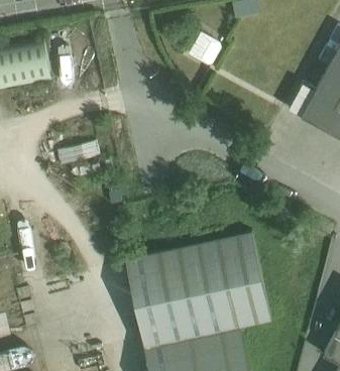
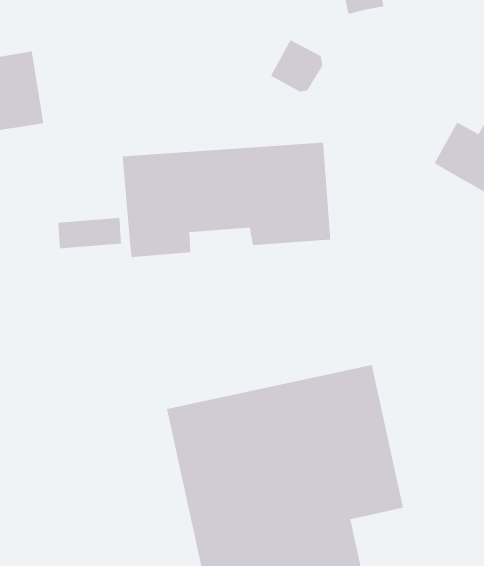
building: none -> [122,142,331,258]

